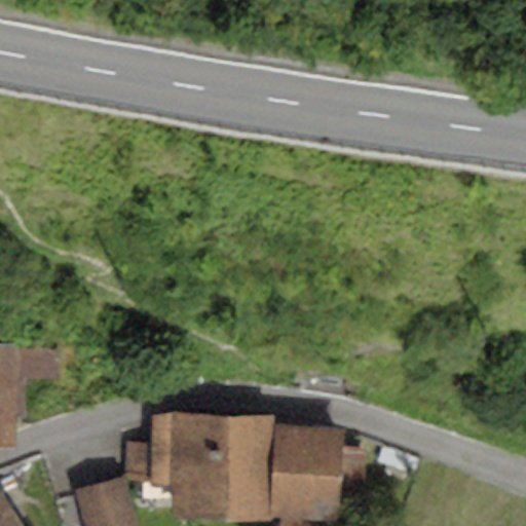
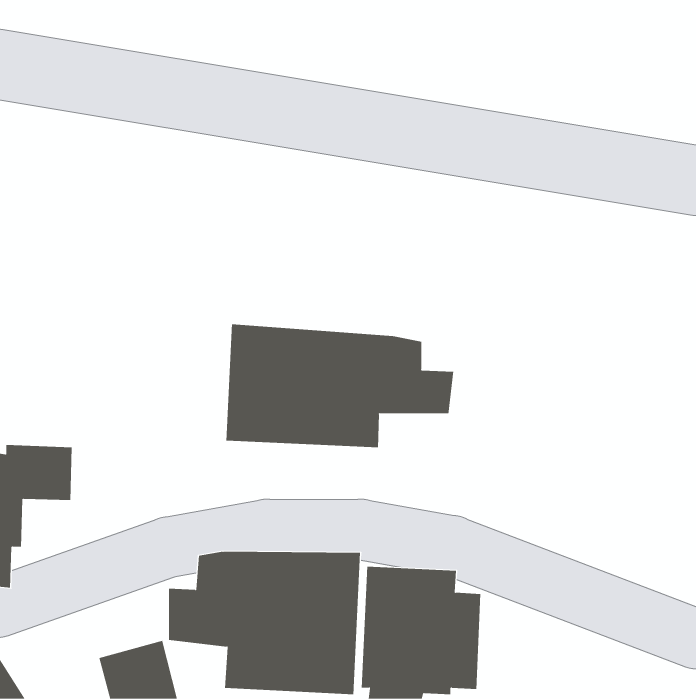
building: none -> [226,323,454,448]

